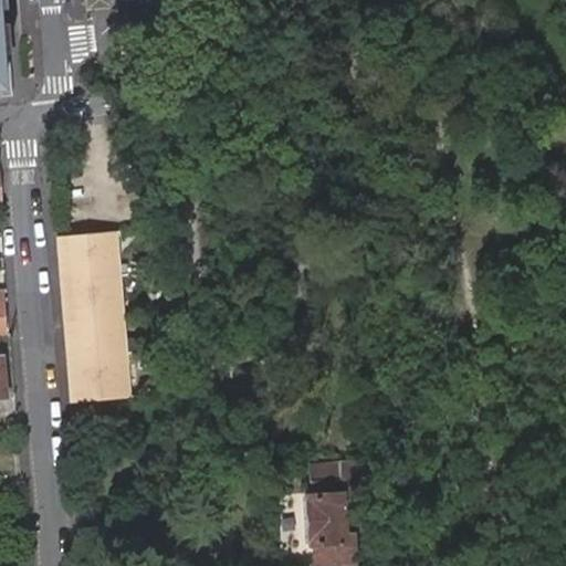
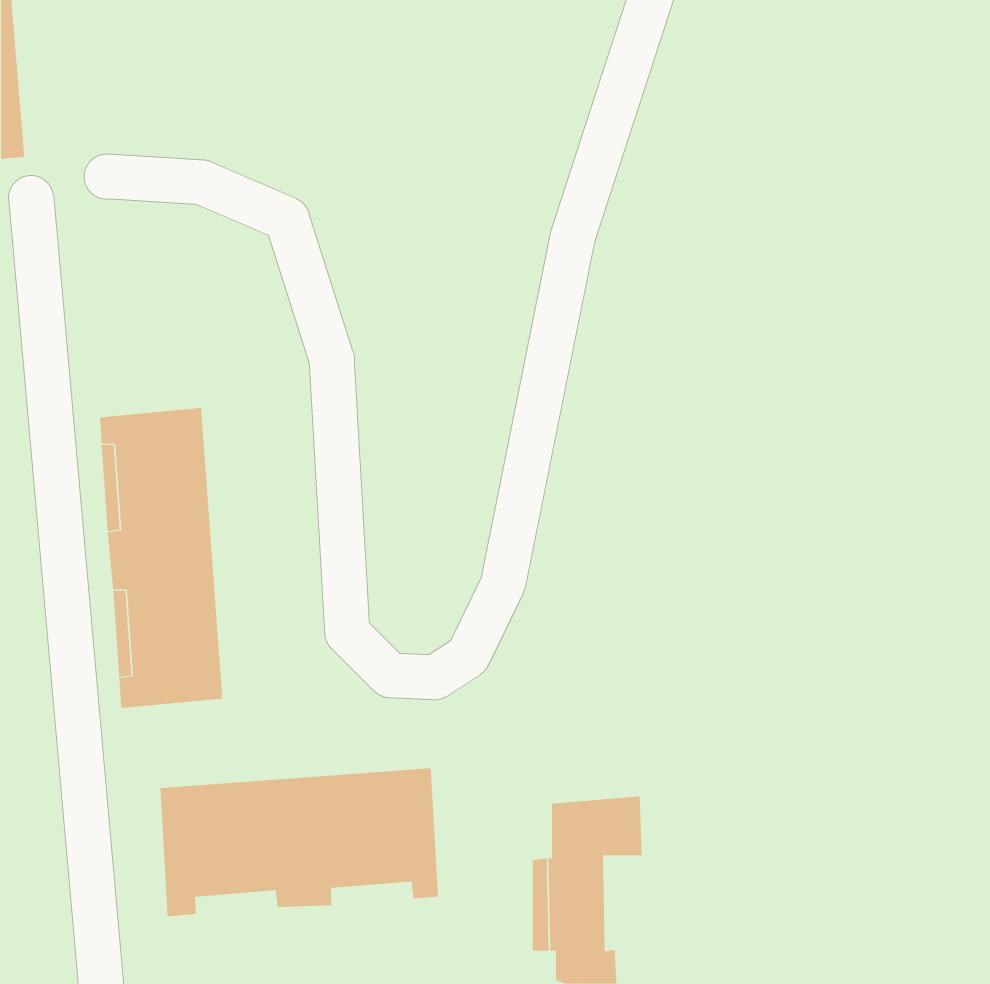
building: none -> [160,767,439,917]

